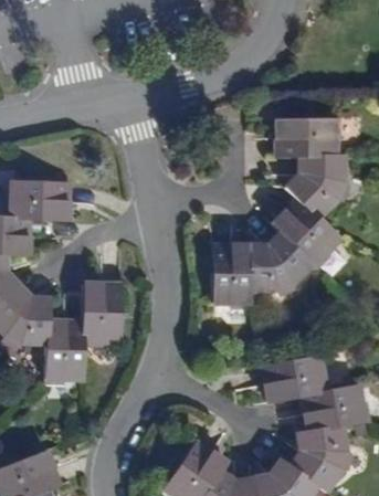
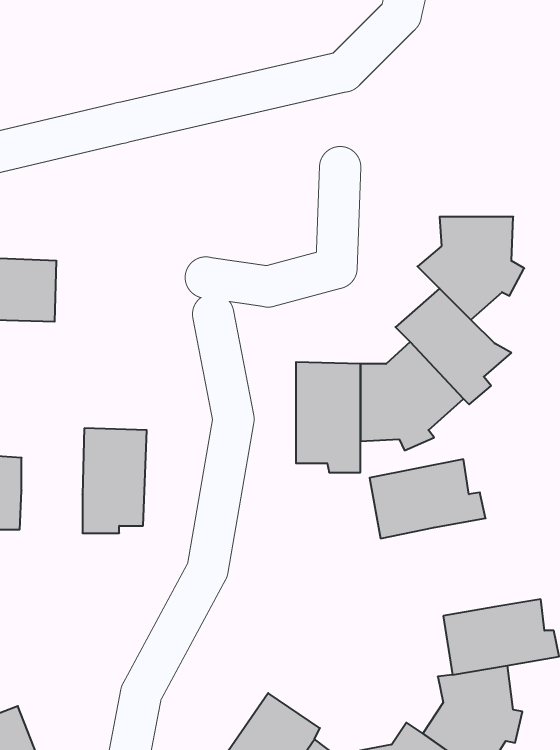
building: [280,118,340,156] -> none
building: [45,320,84,383] -> none
building: [262,355,331,402] -> [370,459,486,538]

